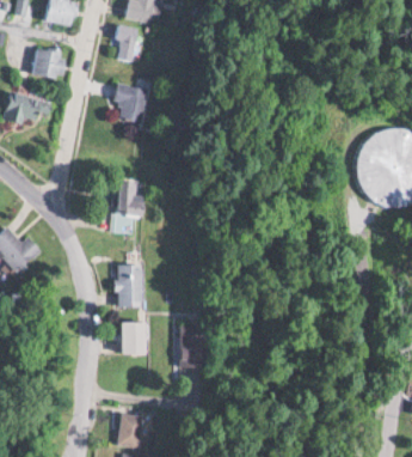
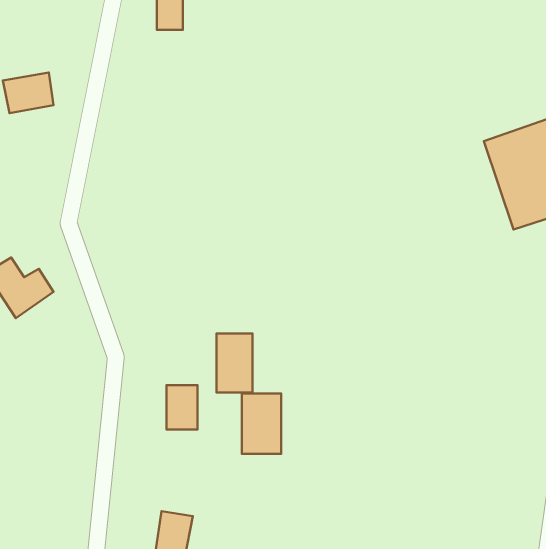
building: [31,47,64,79] -> none
building: [112,83,147,124] -> none
building: [113,179,146,233] -> none
building: [116,264,142,307] -> [217,334,253,393]

